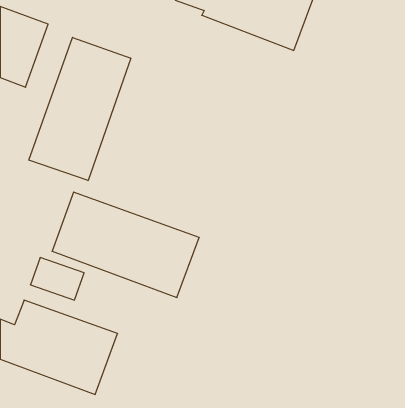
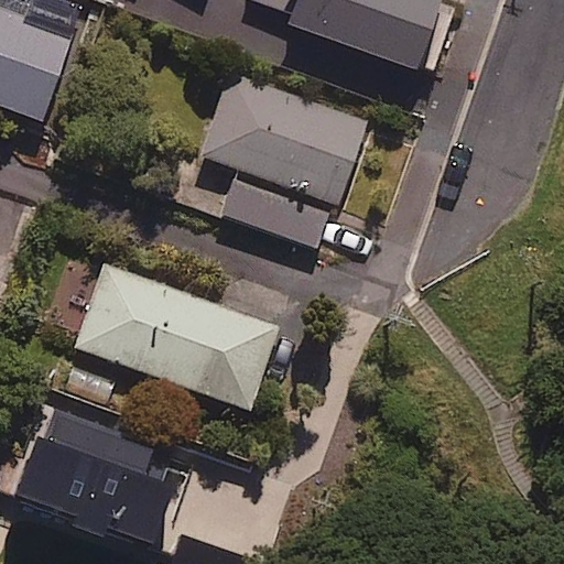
building: [29,37,131,181] -> none
building: none -> [206,75,367,248]

